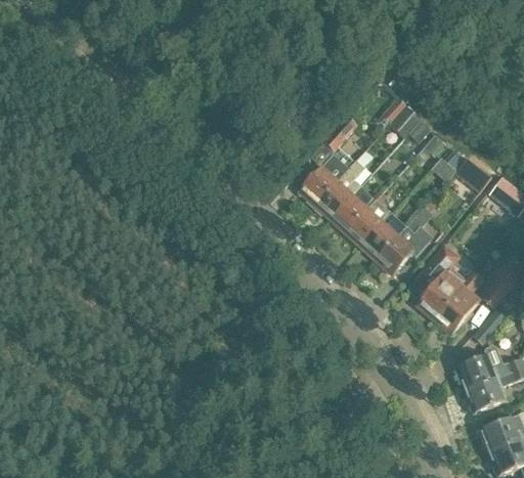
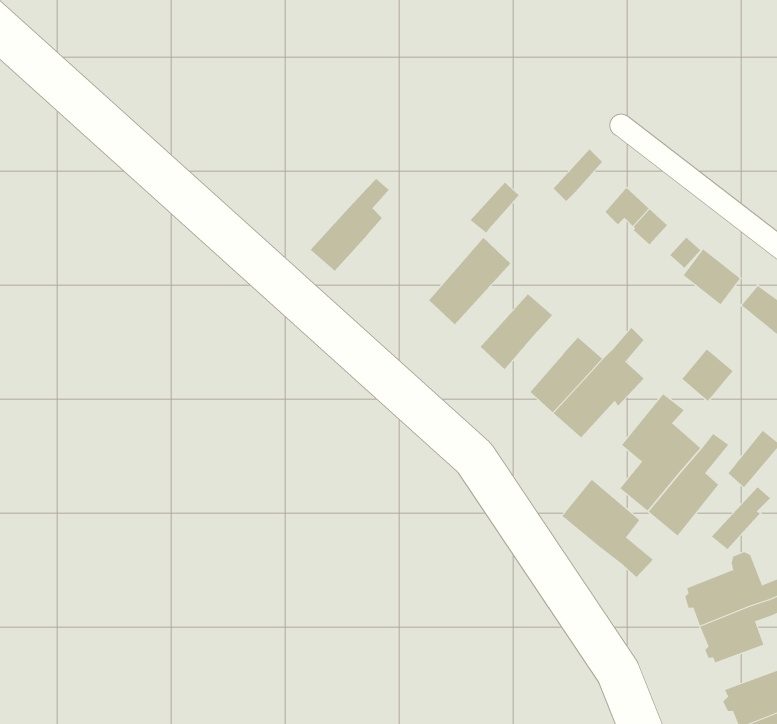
building: [390,104,423,137] -> none
building: [315,161,364,218] -> [310,178,390,271]
building: [346,199,391,246] -> none
building: none -> [682,348,733,402]
building: none -> [561,479,654,578]

